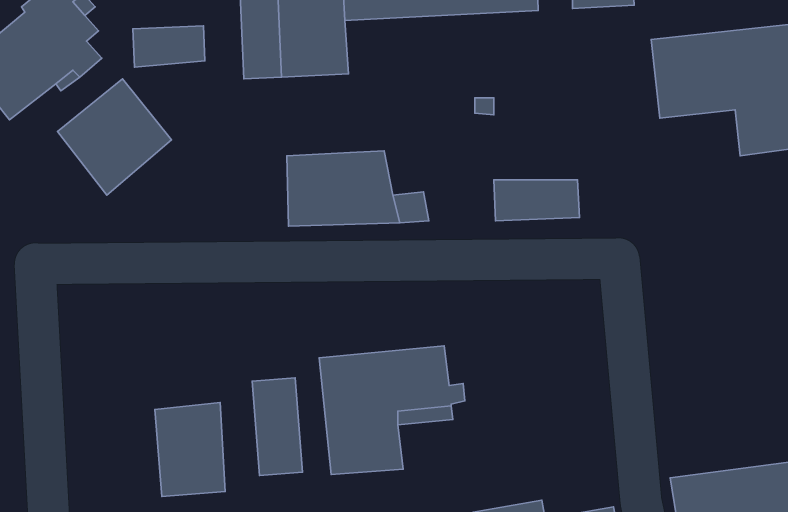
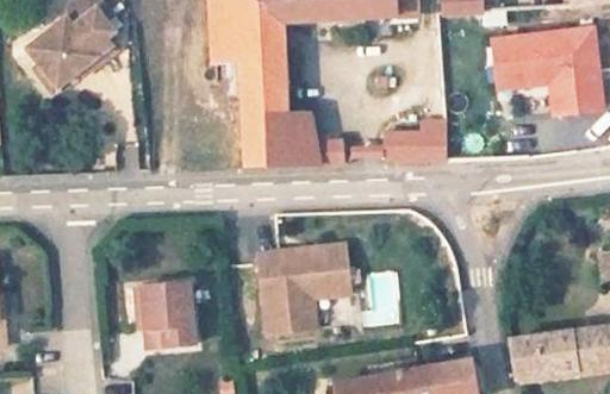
building: [133,26,205,67] -> none
building: none -> [237,58,285,115]
building: [58,79,172,195] -> none
building: [252,378,303,475] -> none

